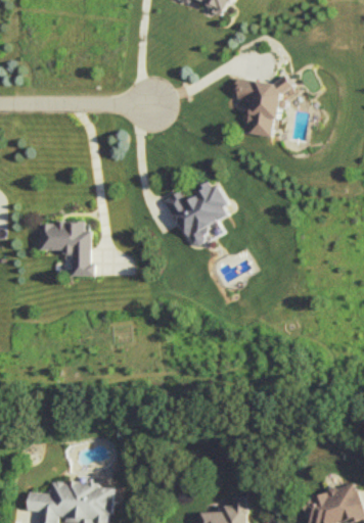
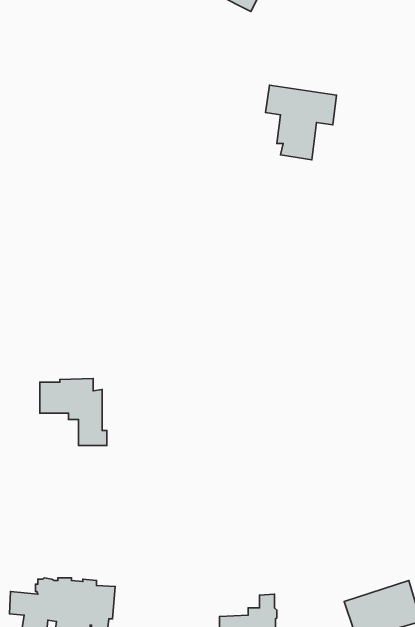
building: [167,180,229,249] -> none
building: [40,222,95,277] -> [40,378,107,446]

